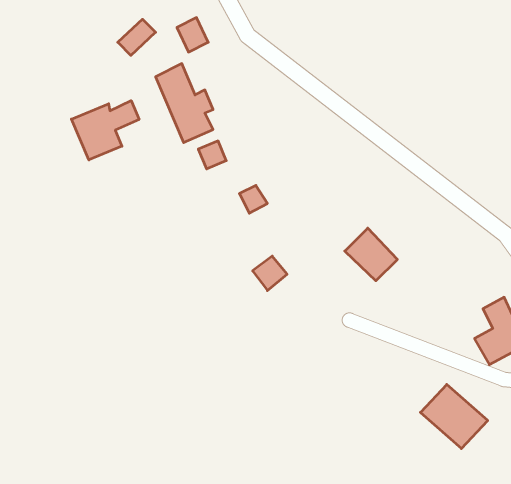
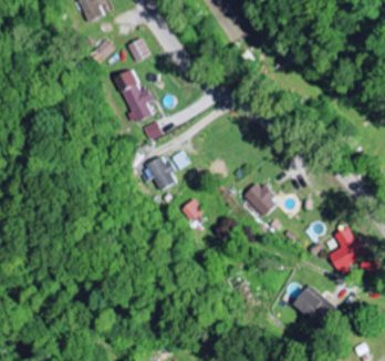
building: [71,101,139,160] -> none
building: none -> [143,155,175,190]

